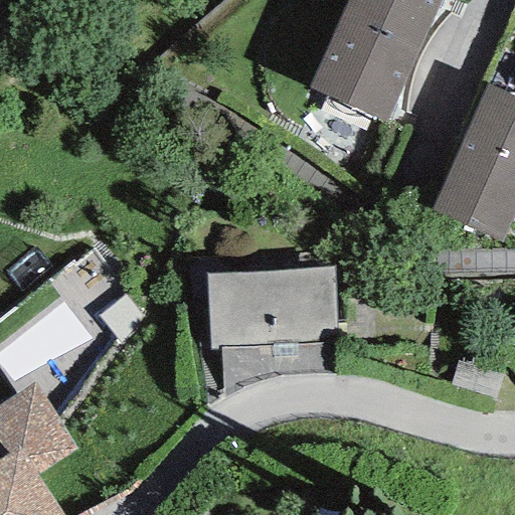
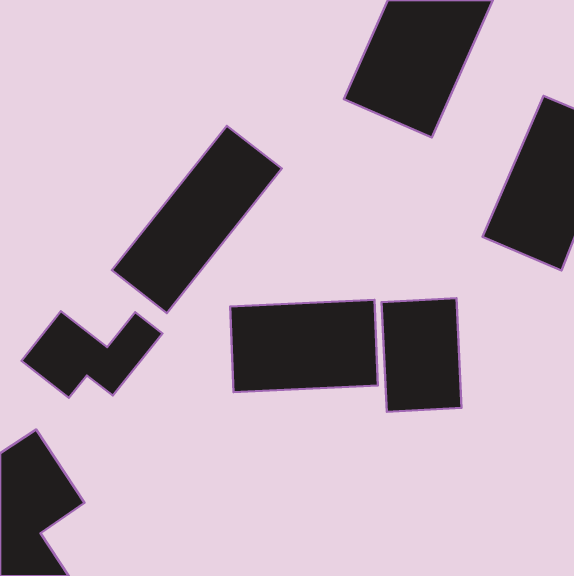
building: none -> [112,126,282,313]
building: none -> [382,298,462,412]

